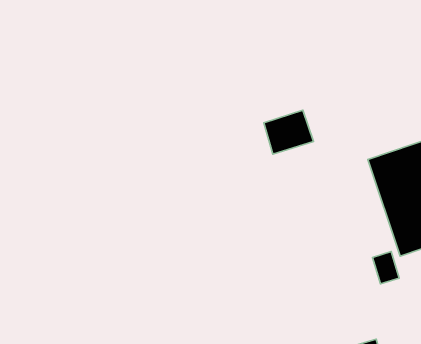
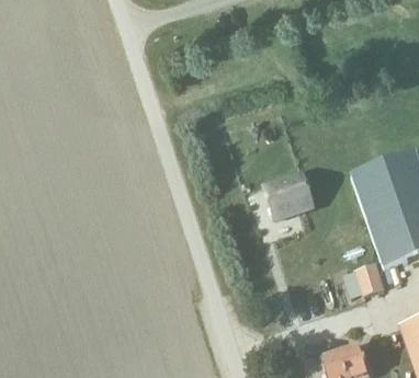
building: [264,110,313,154] -> [264,171,312,213]

